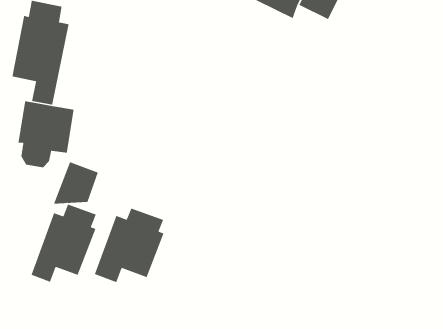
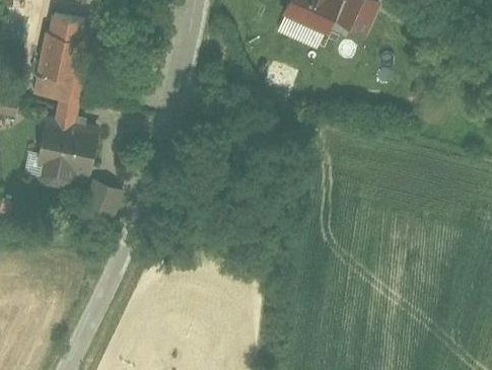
building: [31,204,97,283] -> none
building: [94,207,165,283] -> none

